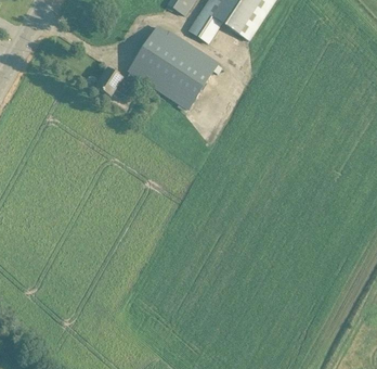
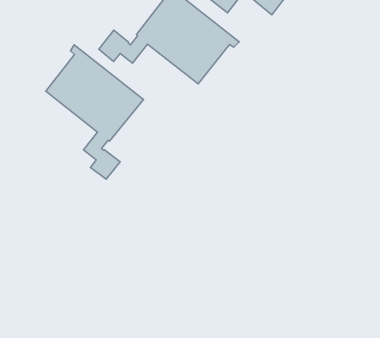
building: none -> [46,45,143,179]

